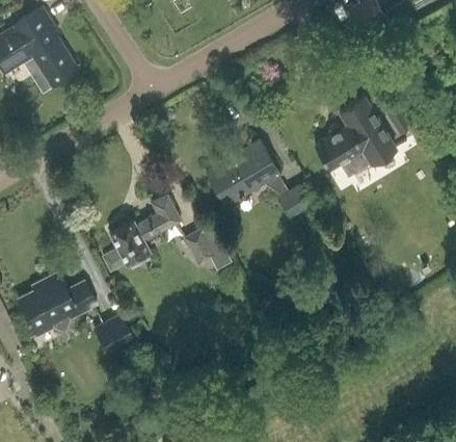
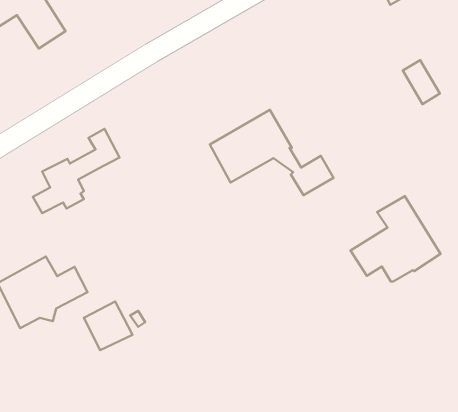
building: [316,97,397,174] -> [351,196,441,282]
building: [103,196,181,271] -> [33,129,120,213]
building: [185,228,223,266] -> none

